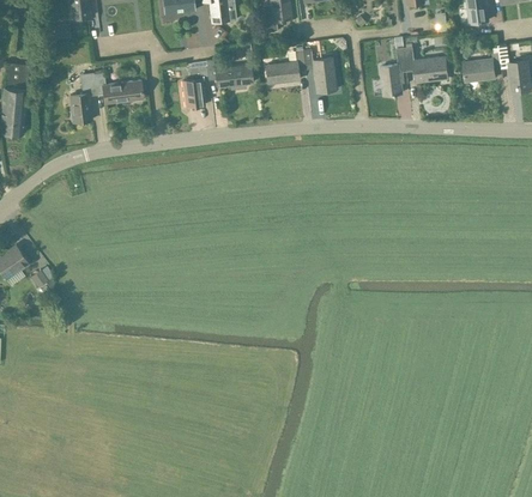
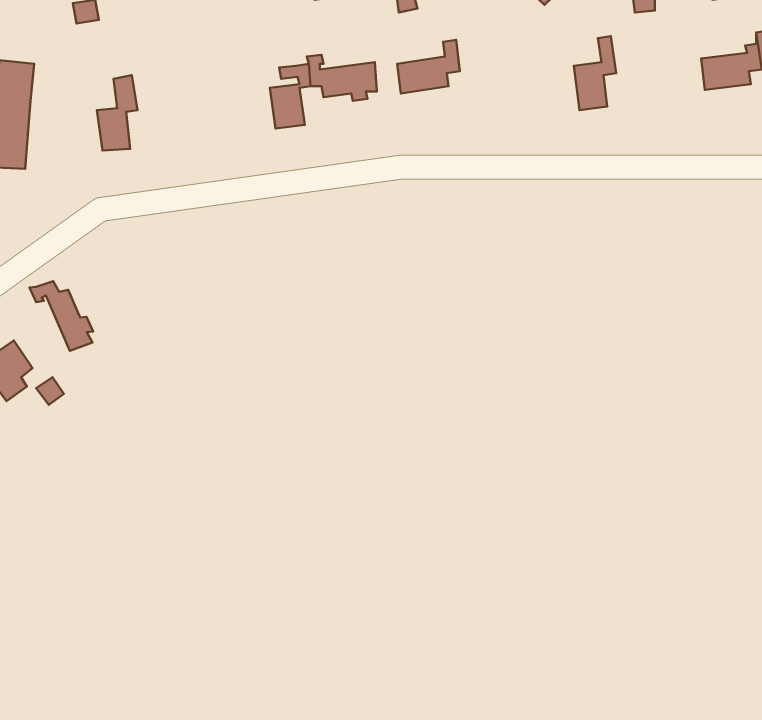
building: [404,46,447,81] -> none
building: [303,48,335,91] -> none
building: [92,69,143,104] -> none
building: none -> [30,281,93,351]

